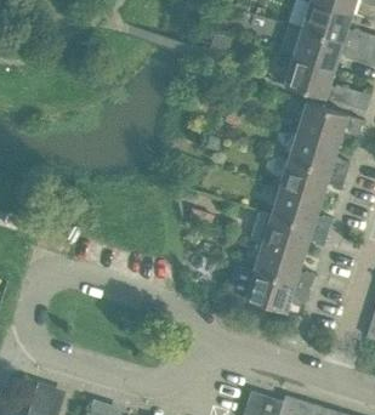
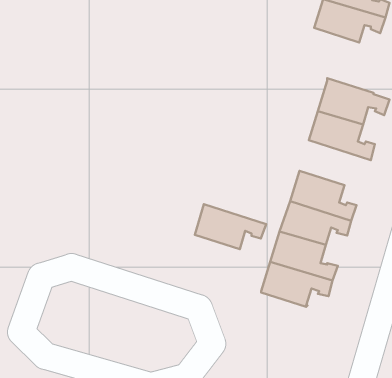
building: [283,56,345,102] -> none
building: [279,159,345,200] -> [195,204,266,249]

